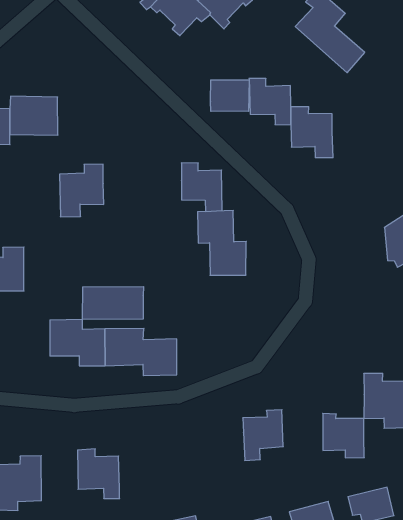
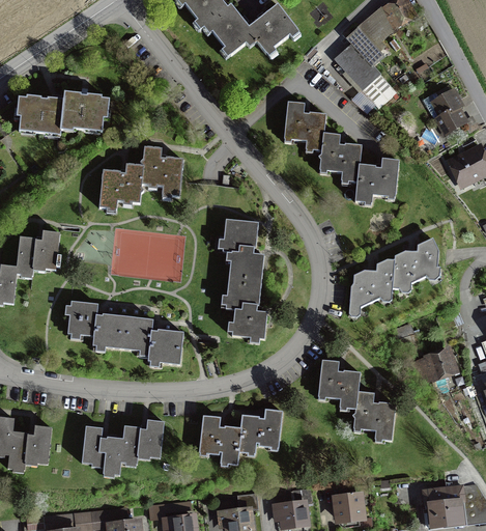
building: [211,80,249,111] -> none
building: none -> [351,157,399,206]
building: [181,163,222,211] -> [139,147,179,196]
building: none -> [346,255,394,317]
building: none -> [224,279,268,339]
building: [82,287,143,319] -> none
building: [323,413,364,458] -> [318,362,360,408]
building: none -> [197,414,239,465]
building: none -> [118,416,163,467]

